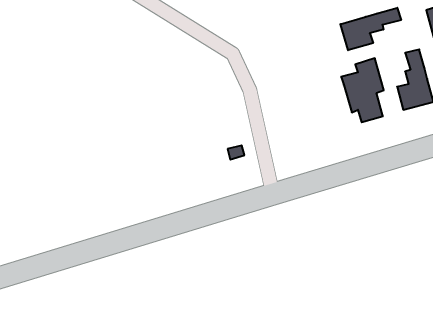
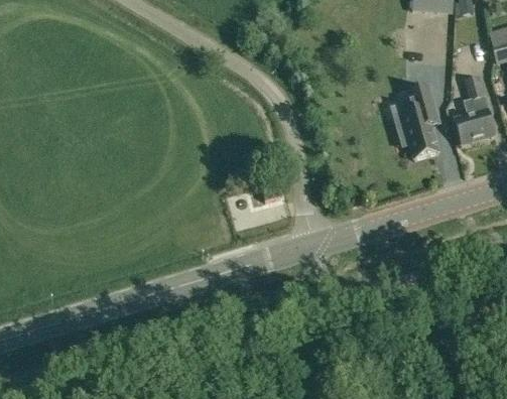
building: [340,8,401,50] -> none

